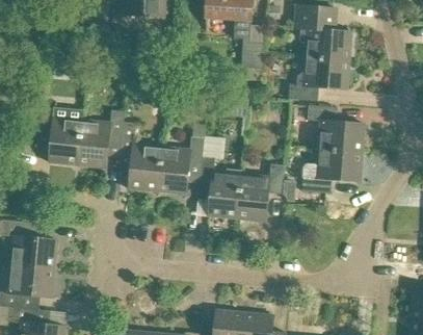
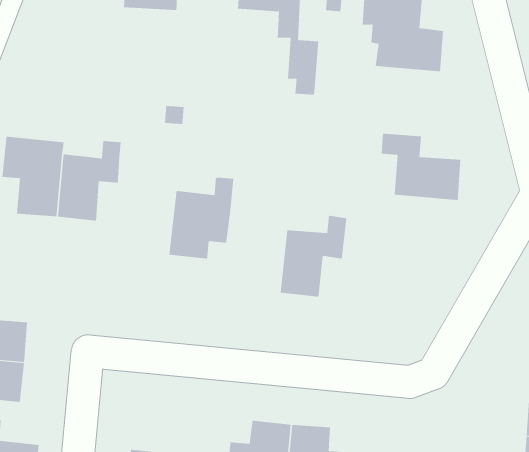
building: [289,57,350,101] -> none
building: [120,122,162,191] -> none
building: [197,127,241,218] -> none
building: [301,149,363,194] -> none

